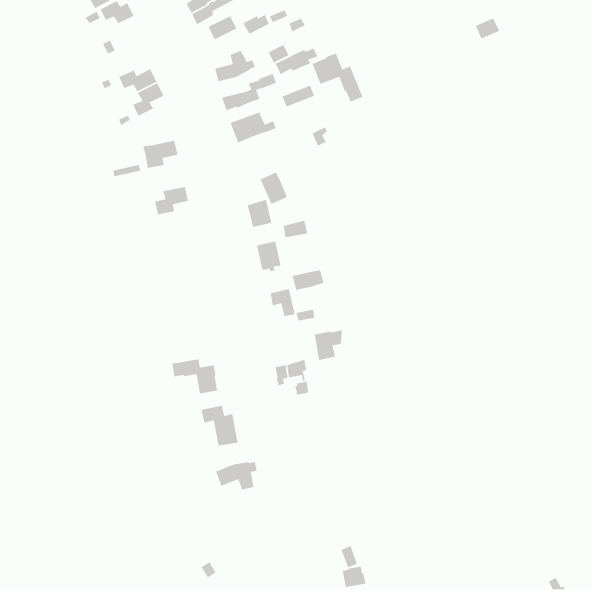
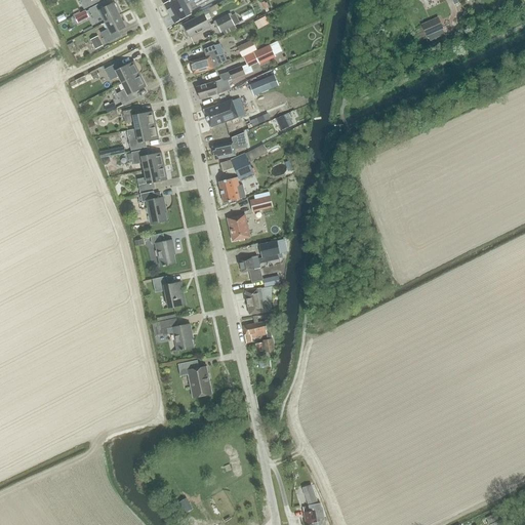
building: none -> [100,14,125,43]
building: [312,52,363,102] -> none
building: none -> [122,107,155,128]
building: none -> [212,131,246,159]
building: none -> [131,149,164,169]
building: none -> [139,191,166,224]
building: none -> [150,232,175,266]
building: none -> [152,276,186,309]
building: [314,330,343,361] -> [245,286,271,314]
building: [215,461,258,490] -> none

